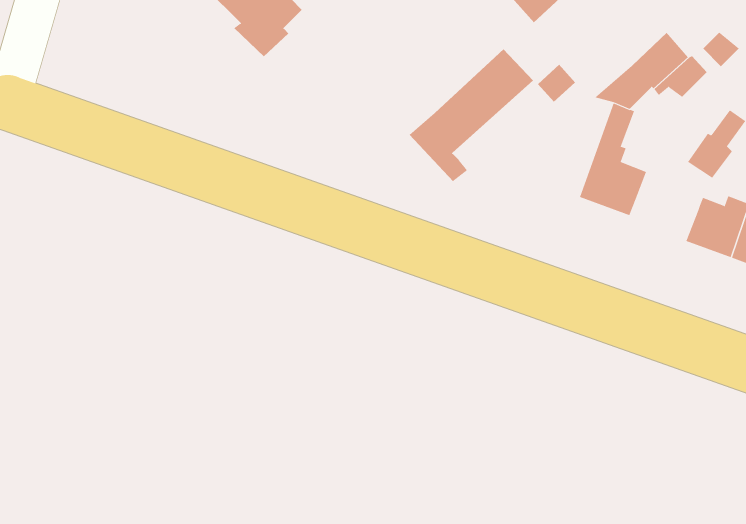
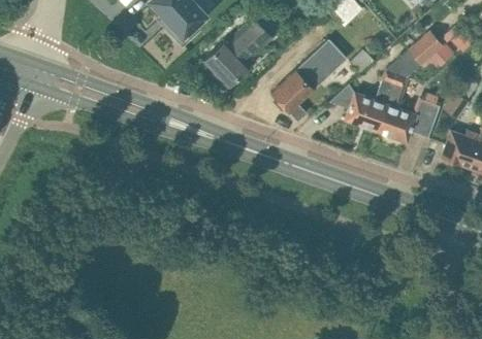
building: none -> [203,16,274,86]
building: none -> [329,69,396,130]
building: none -> [411,92,441,137]

